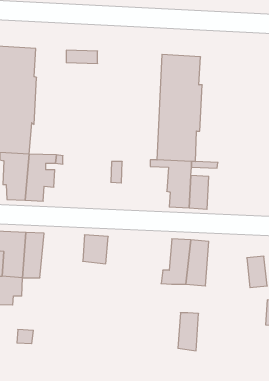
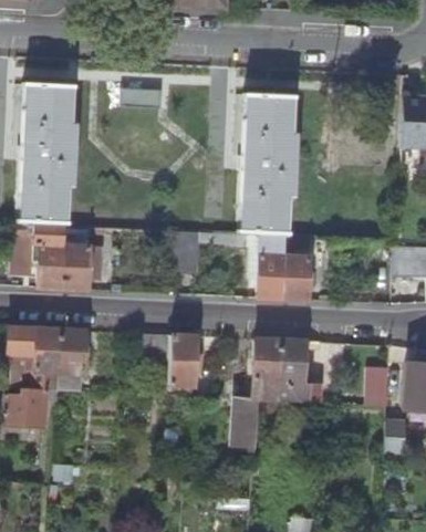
building: none -> [169,336,204,397]
building: [178,313,199,351] -> [231,399,259,450]

